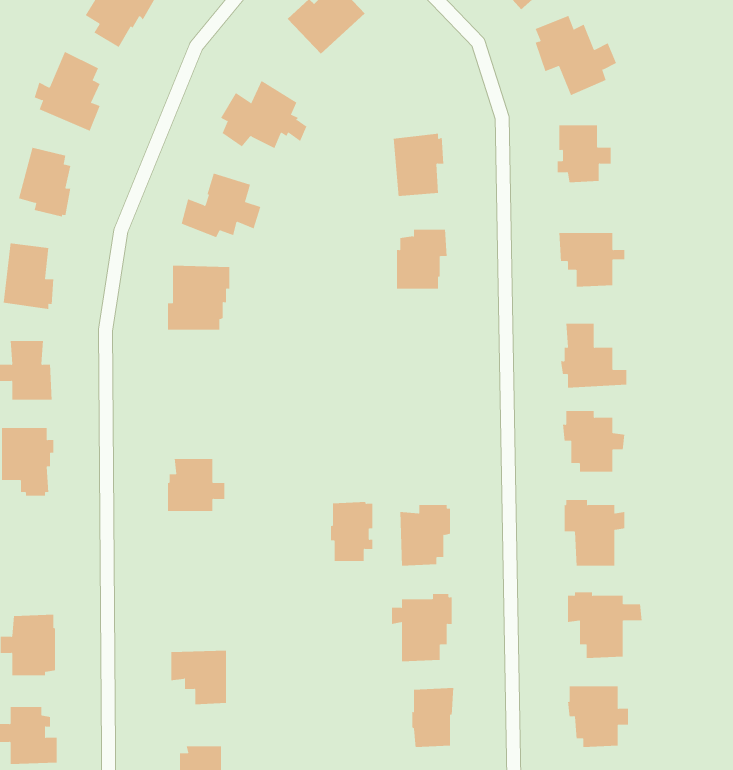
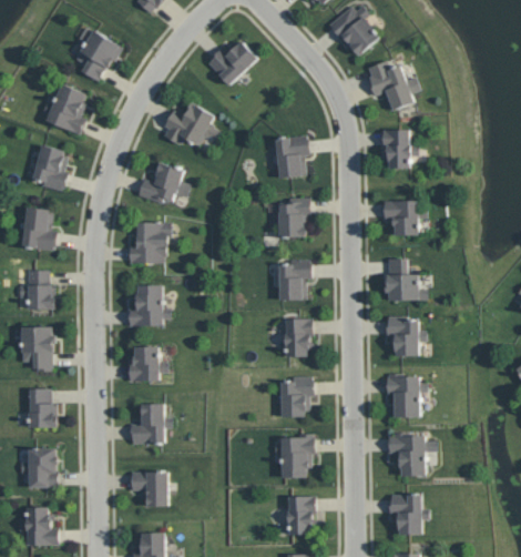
building: none -> [278,260,310,301]
building: none -> [127,285,170,326]
building: [330,502,373,561] -> [284,318,311,357]
building: none -> [28,388,57,427]
building: none -> [130,404,171,444]

